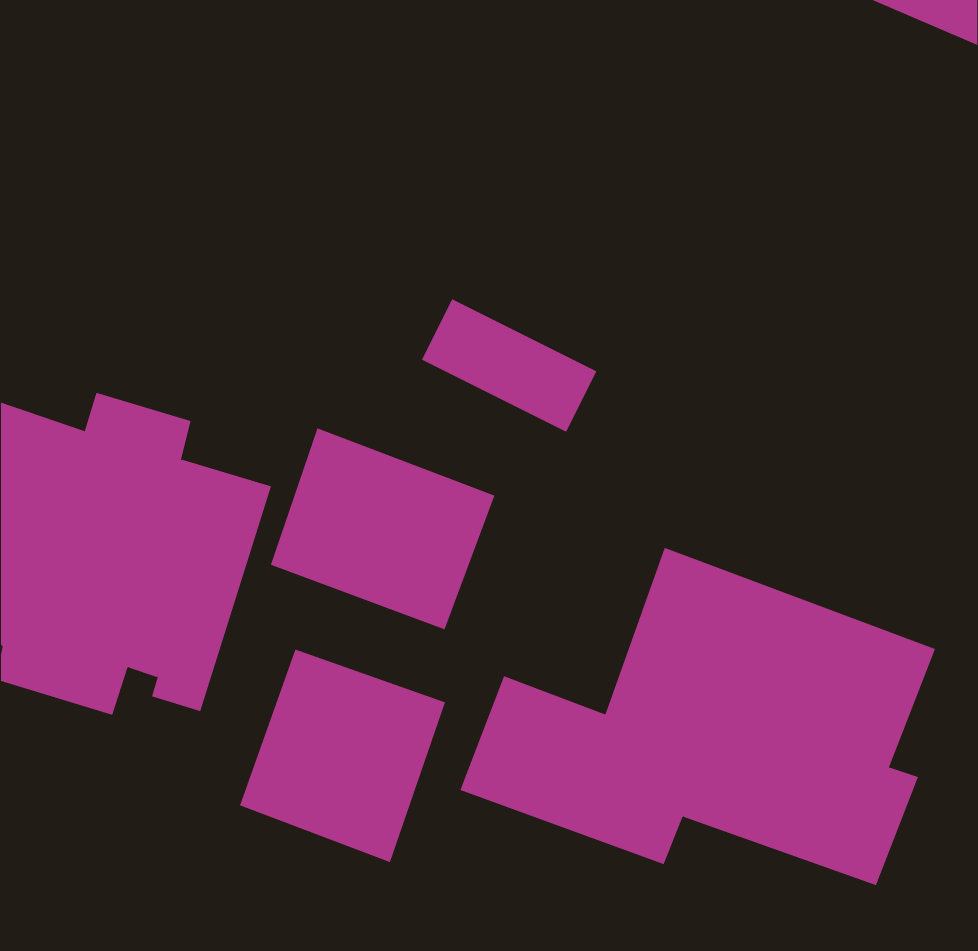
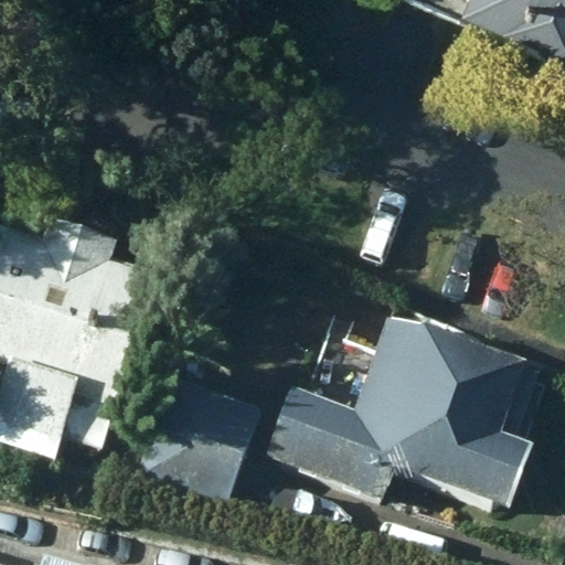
building: [270,428,495,630] -> none

